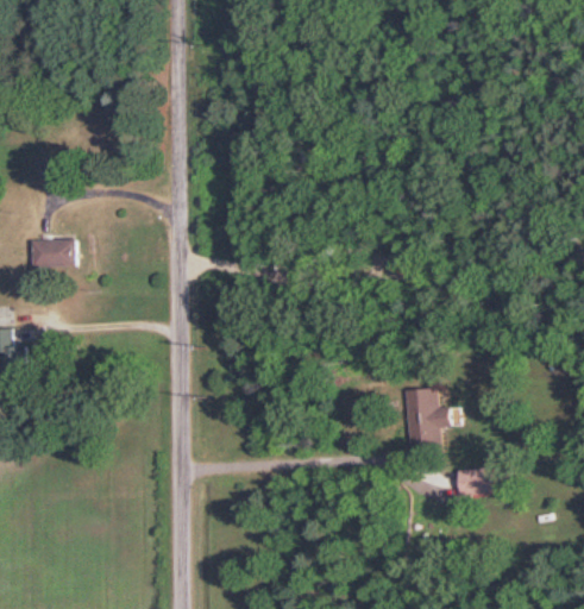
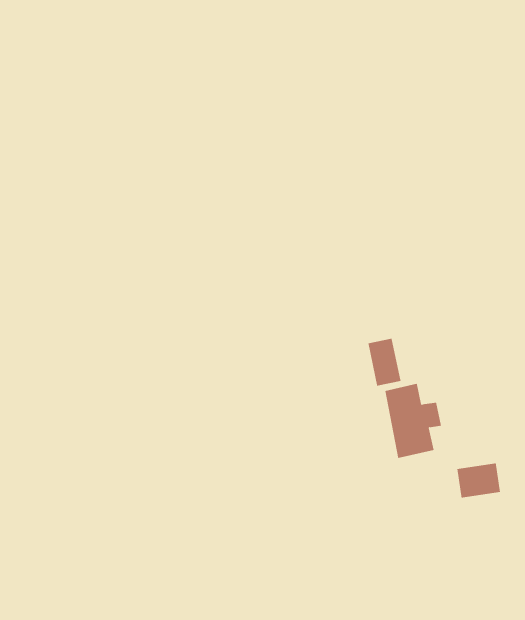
building: none -> [368,338,401,387]

